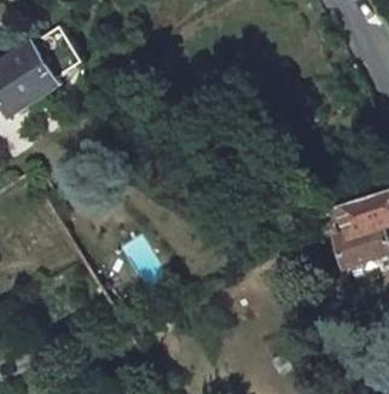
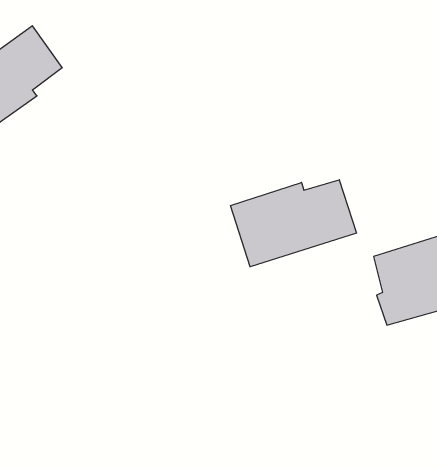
building: none -> [231,180,356,267]

